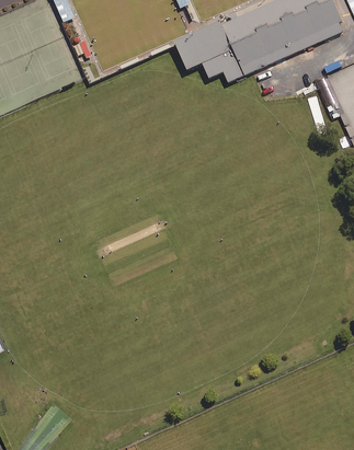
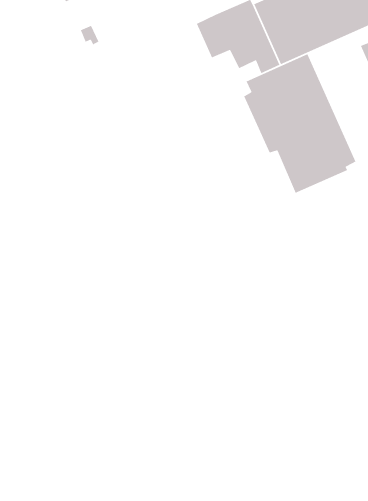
building: none -> [243,53,356,194]

